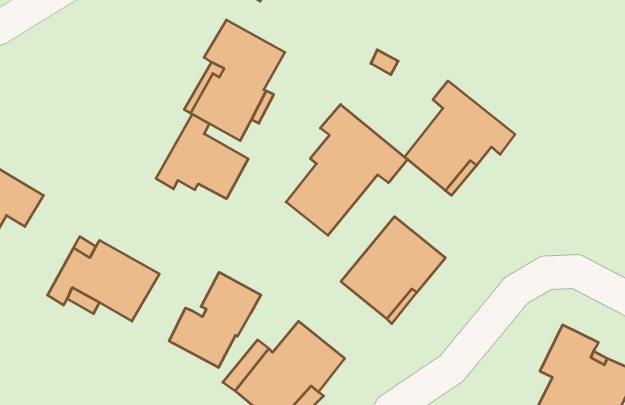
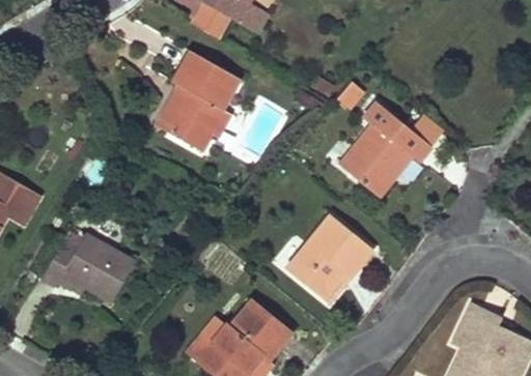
building: [286,104,407,235] -> none
building: [156,114,248,199] -> none
building: [169,272,261,368] -> none

